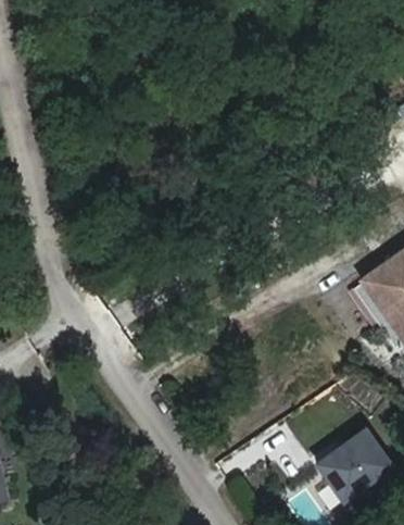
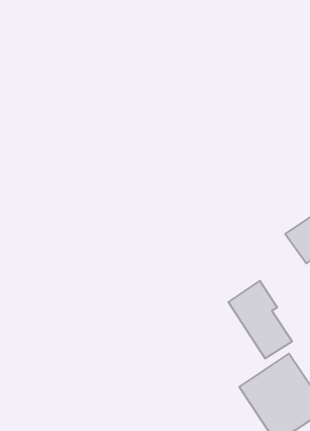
building: none -> [228,281,292,359]

